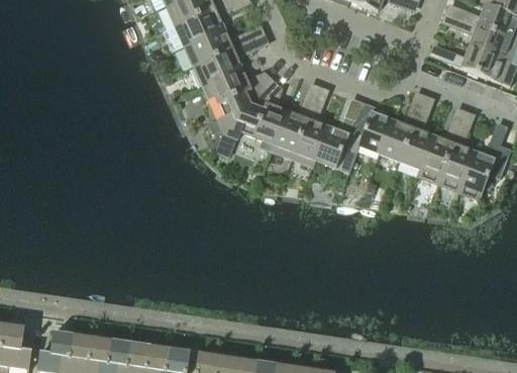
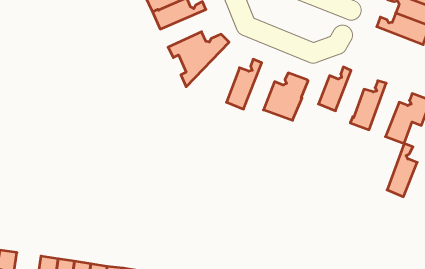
building: [193,40,250,85] -> none
building: [223,79,286,150] -> none
building: [291,103,327,166] -> none
building: [358,110,392,152] -> none
building: [399,112,432,168] -> none
building: [438,127,474,190] -> [387,143,417,197]

